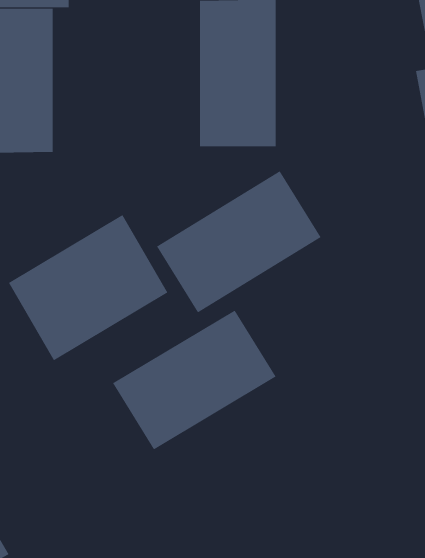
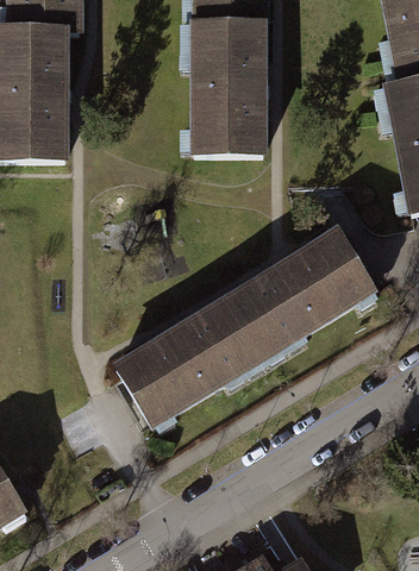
building: [156,170,322,313] -> [226,232,374,359]
building: [8,214,168,361] -> none

